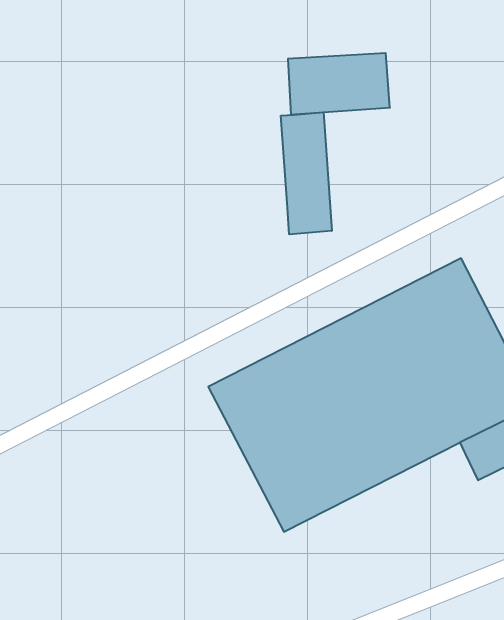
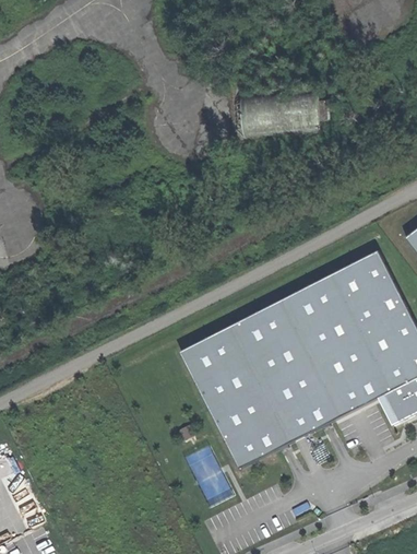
building: [281,112,332,234] -> none

